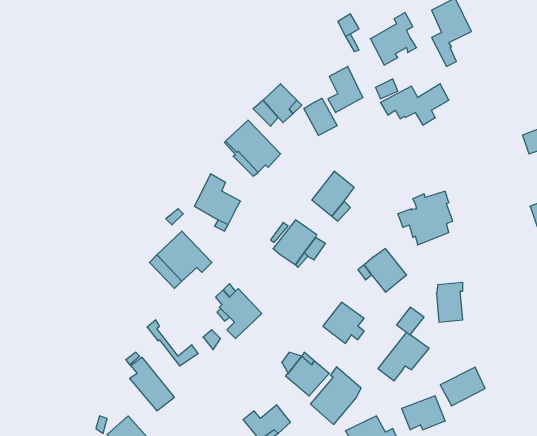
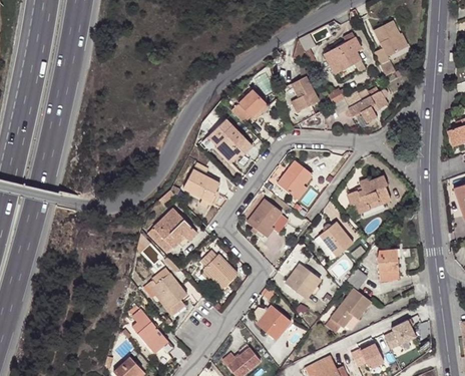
building: [304,98,337,136] -> none
building: none -> [153,273,187,308]
building: [311,367,361,424] -> none

